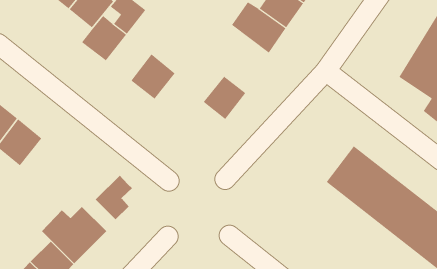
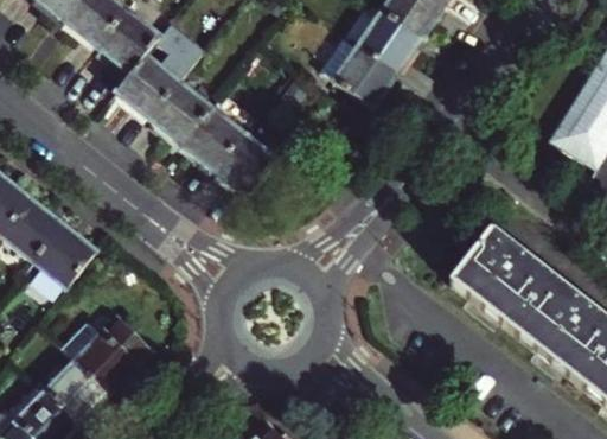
building: none -> [149,79,211,142]
building: [203,76,246,120] -> [216,133,275,193]
building: none -> [32,222,96,287]
building: [95,175,133,220] -> none

